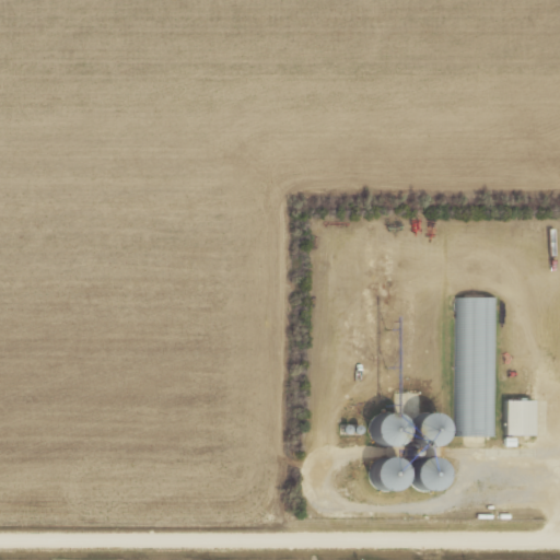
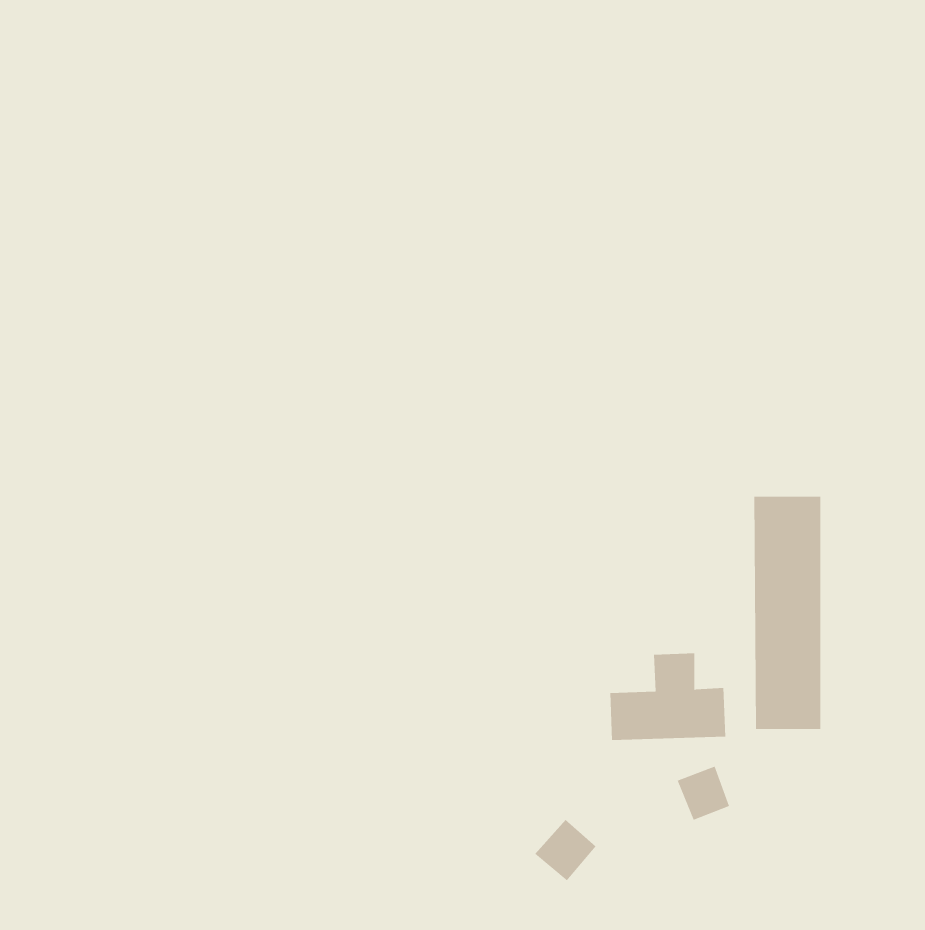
building: [504,400,534,436] -> none
building: [365,457,402,494] -> [534,819,597,881]

